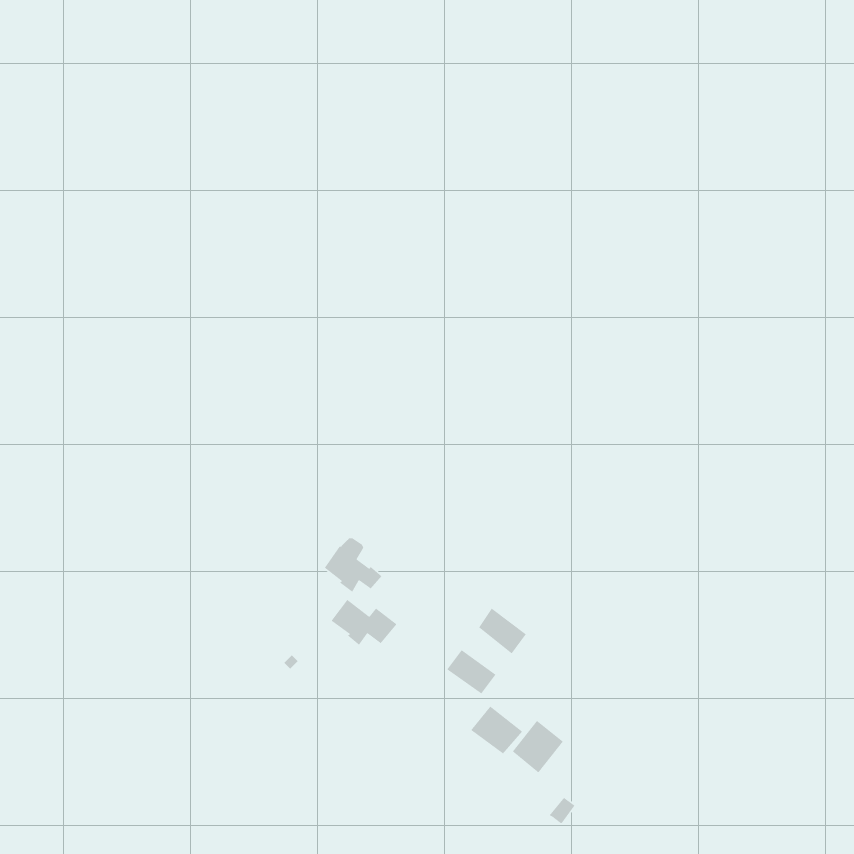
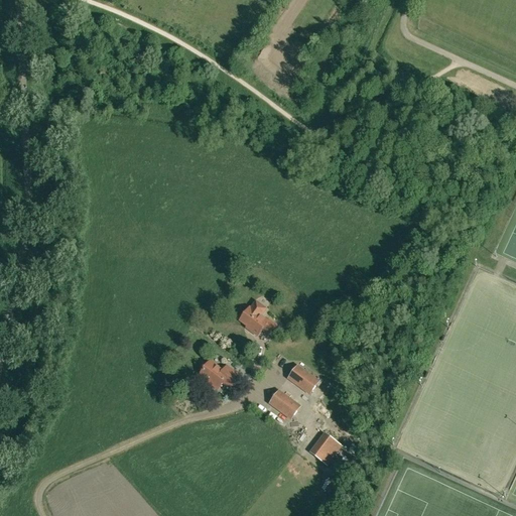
building: [324,537,383,593] -> [239,301,274,335]
building: [470,705,523,755] -> none

